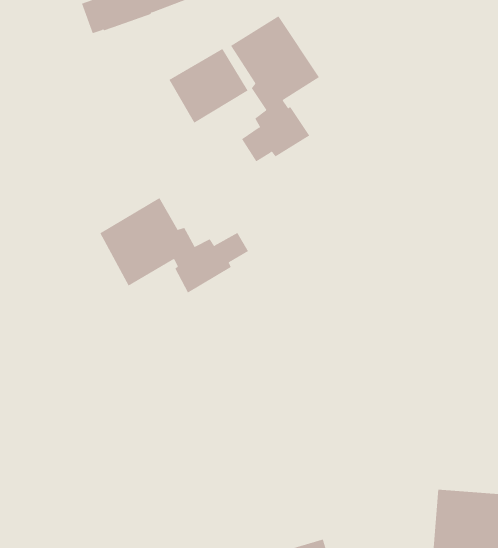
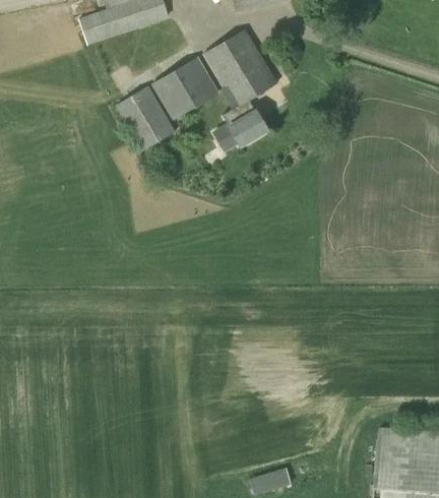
building: none -> [117,86,176,150]
building: [100,197,249,293] -> none

